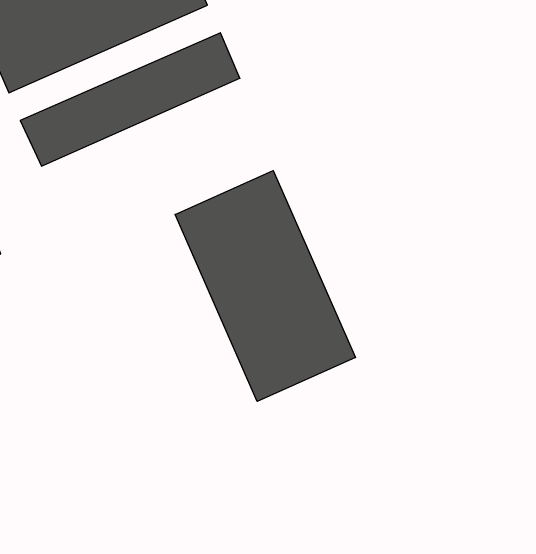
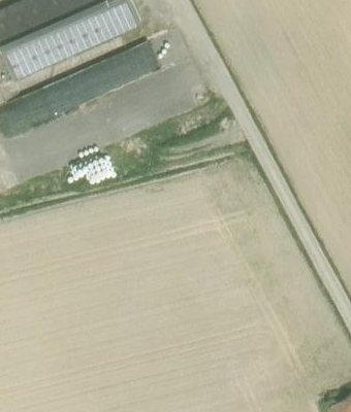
building: [175,171,355,401] -> none

